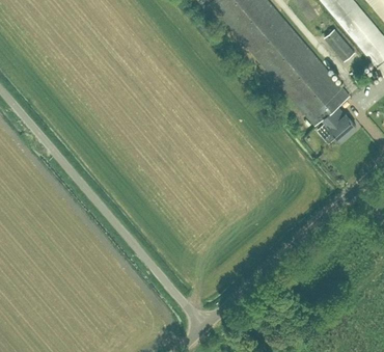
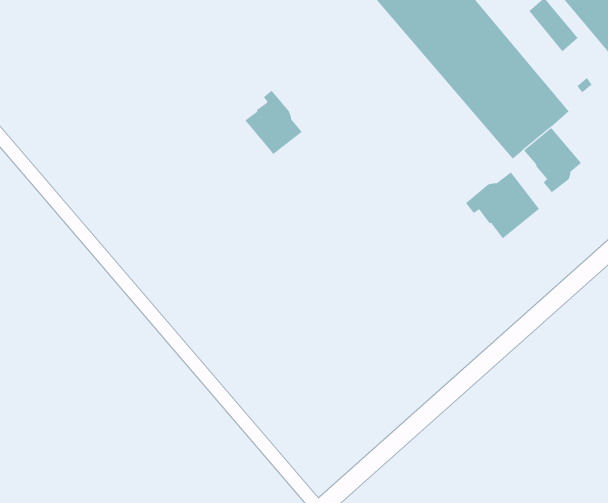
building: none -> [245,90,302,155]
building: none -> [465,171,540,239]

